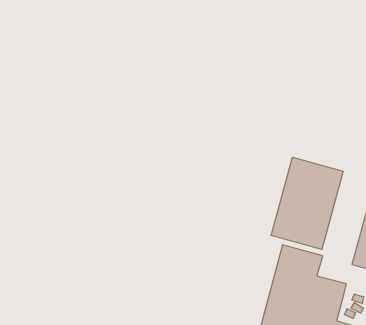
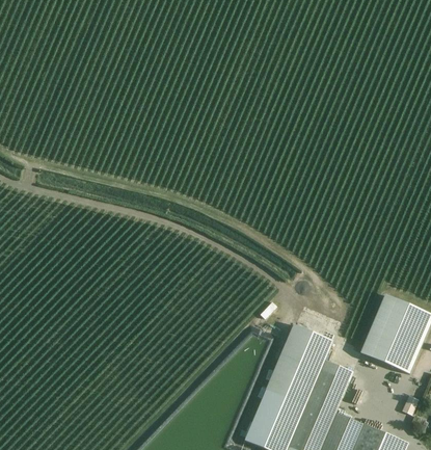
building: [271,157,343,250] -> none

